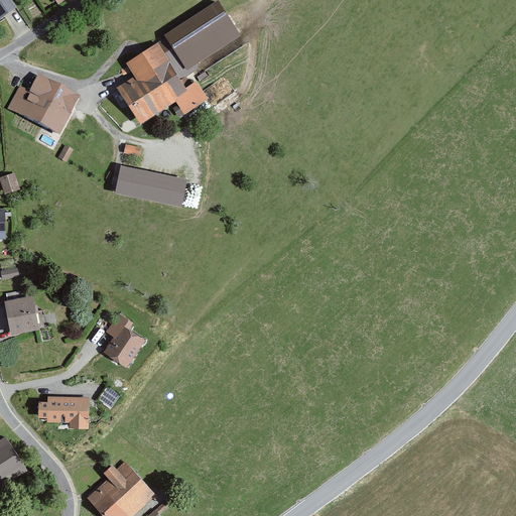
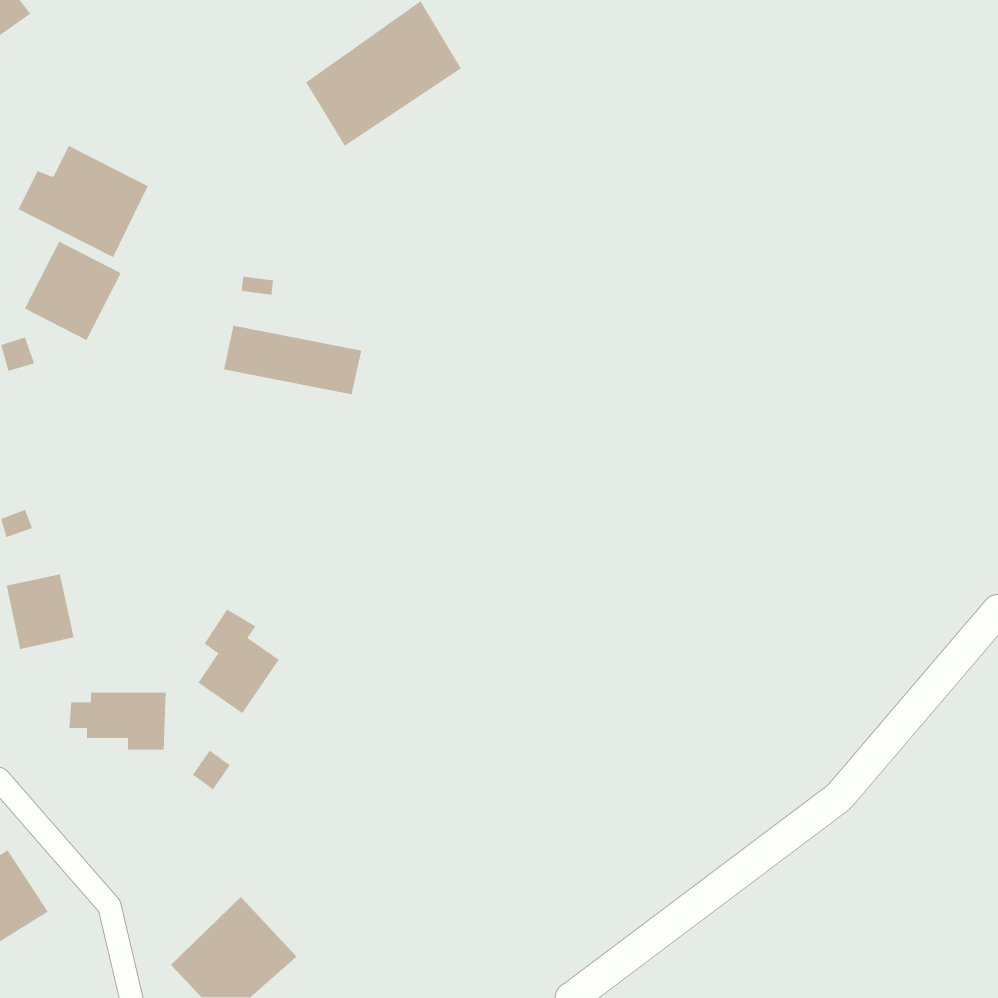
building: [121,42,206,120] -> none
building: none -> [24,240,122,341]
building: [37,397,88,427] -> [69,692,166,750]

